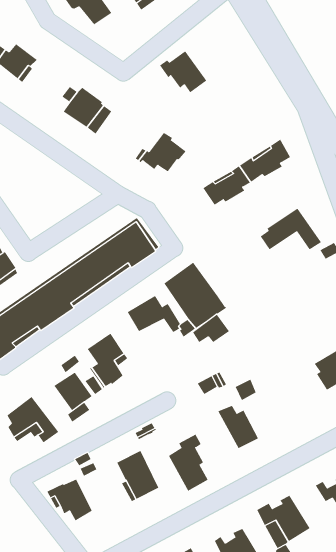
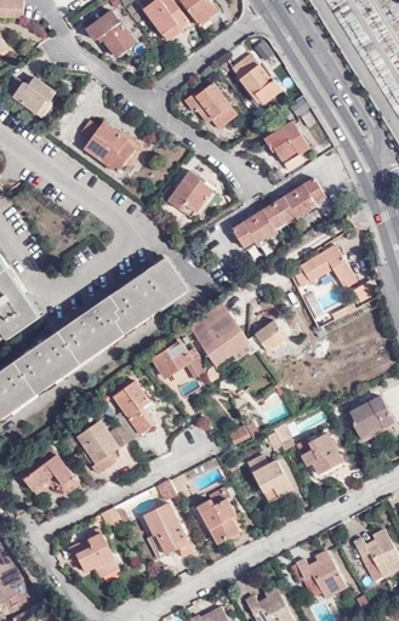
building: none -> [232,55,283,103]
building: none -> [264,120,310,160]
building: [192,314,230,343] -> [249,323,289,353]
building: none -> [297,432,344,472]

